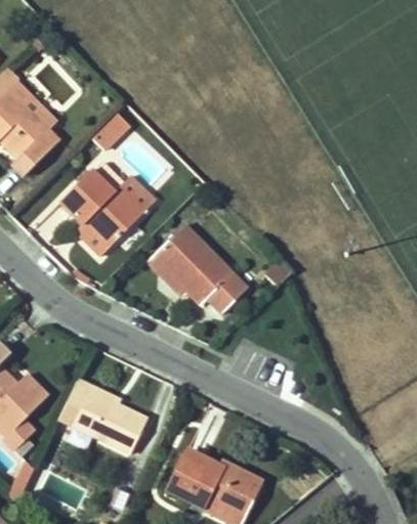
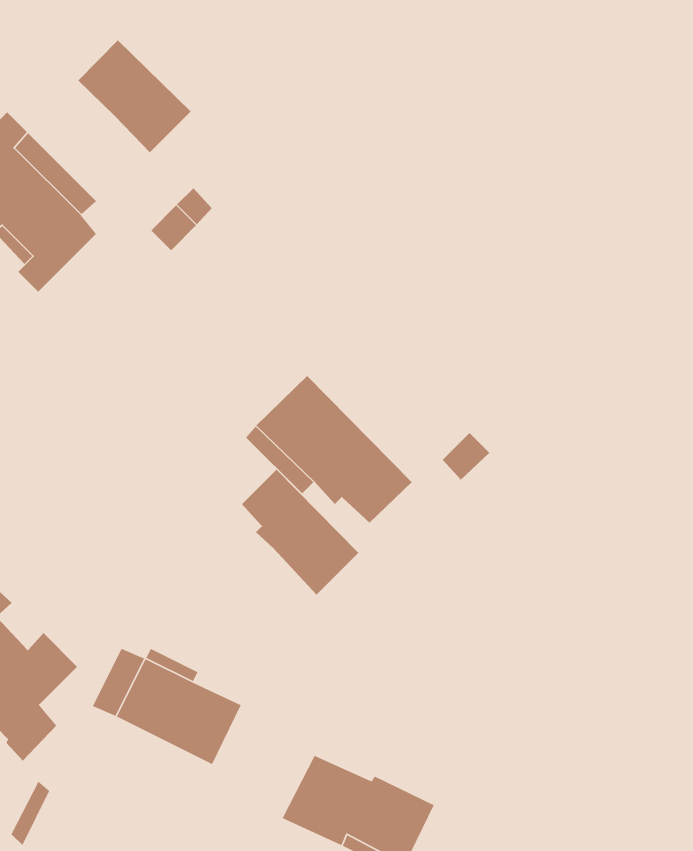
building: none -> [78,39,191,153]
building: [60,170,151,254] -> none
building: none -> [241,469,359,595]

